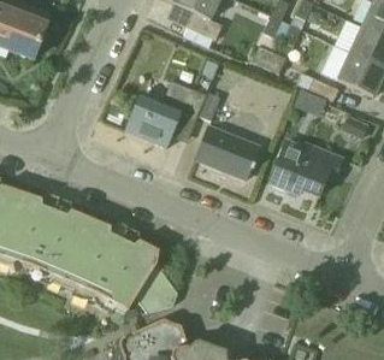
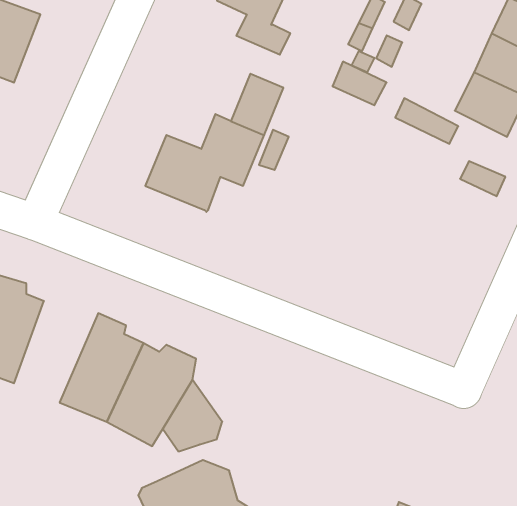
building: [194,125,258,179] -> none
building: [268,140,341,195] -> none
building: [33,209,90,279] -> none

